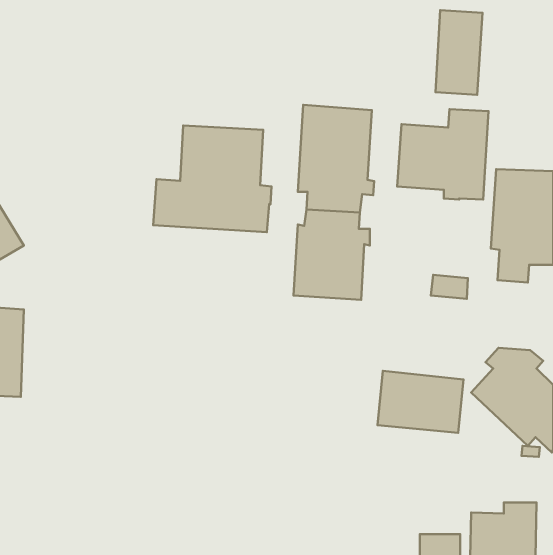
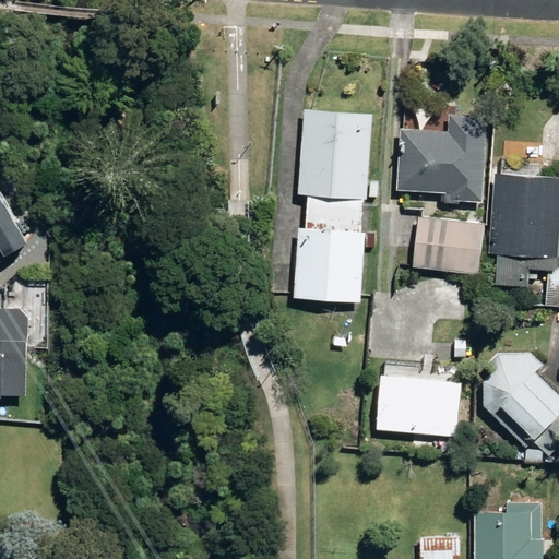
building: [436,10,483,95] -> none
building: [153,126,271,232] -> none
building: none -> [414,216,484,274]

